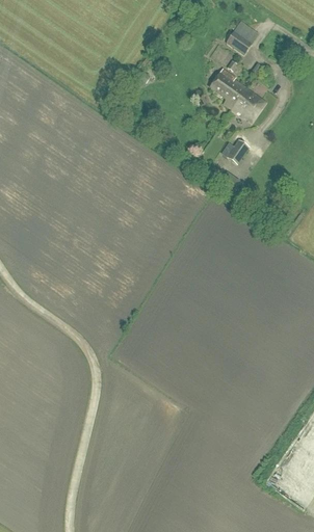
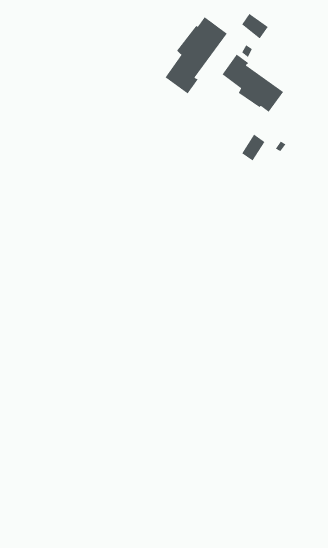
building: none -> [164,16,228,95]

